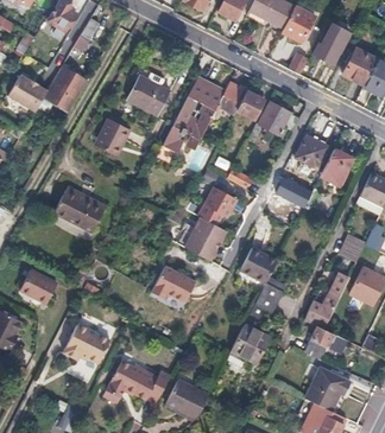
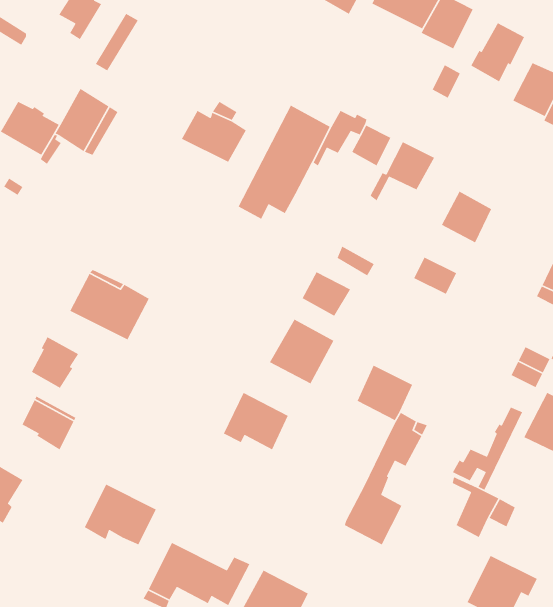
building: [94,116,131,153] -> none
building: [321,147,353,183] -> none
building: none -> [31,336,79,389]

